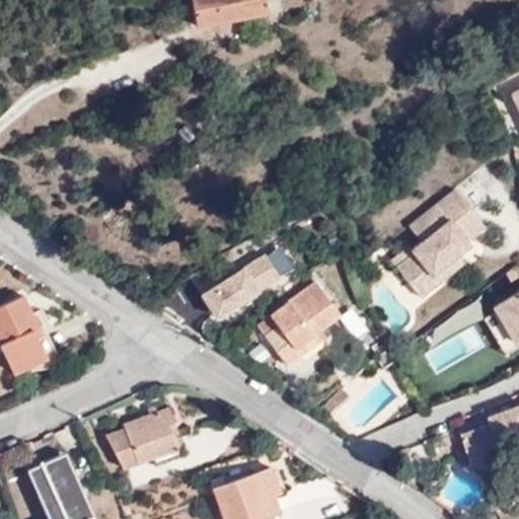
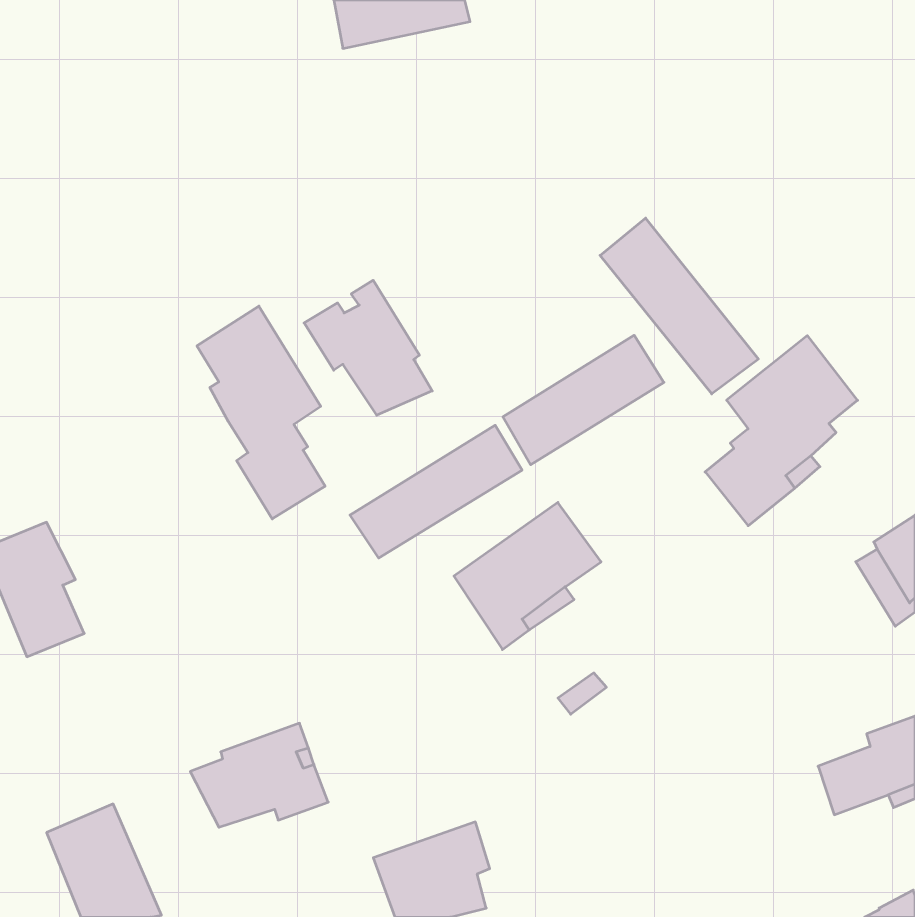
building: none -> [600,218,758,394]
building: none -> [304,280,432,415]
building: none -> [197,306,325,519]
building: none -> [503,335,664,465]

